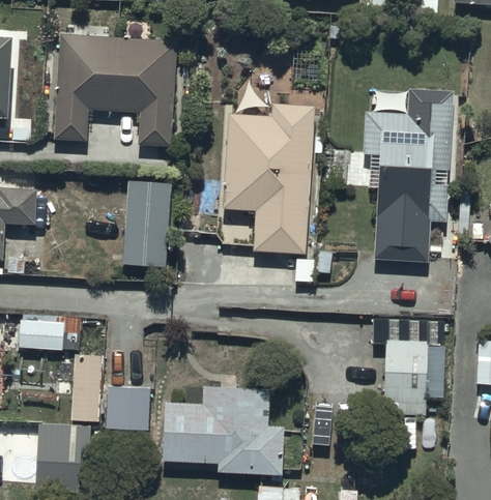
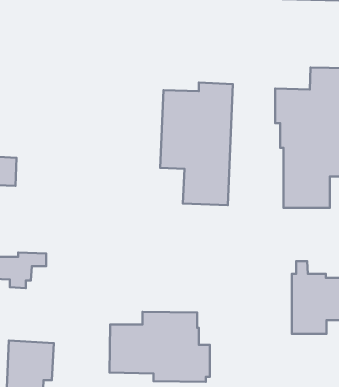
building: [52,33,180,148] -> none
building: [122,181,171,267] -> none
building: [69,353,104,420] -> none
building: [105,383,155,429] -> none

